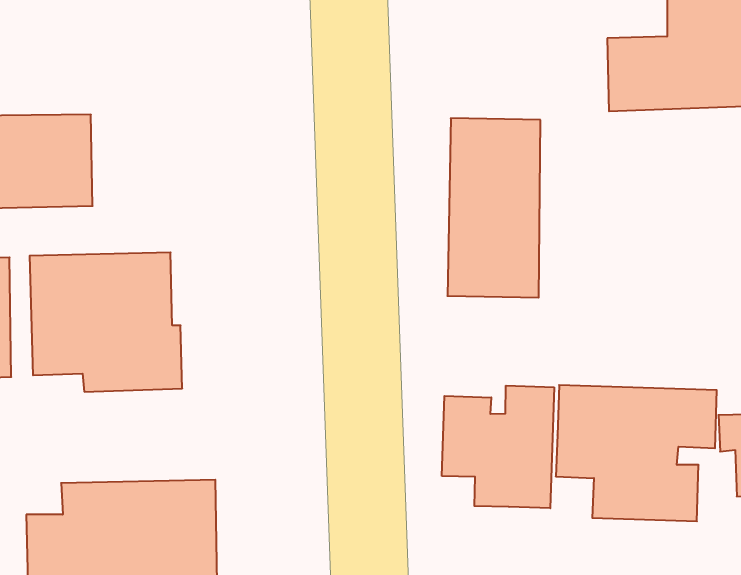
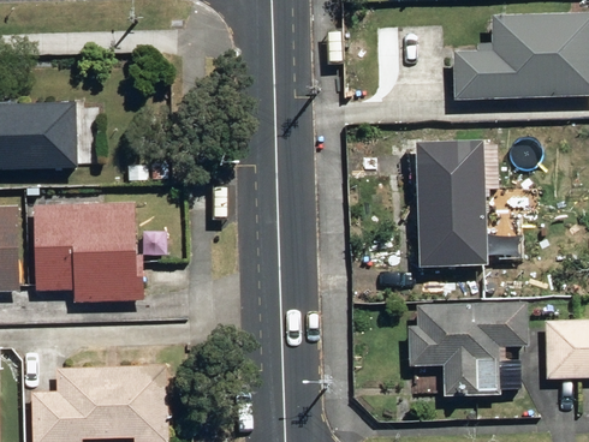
building: [447,118,540,298] -> [420,139,487,269]
building: [442,386,554,508] -> none

